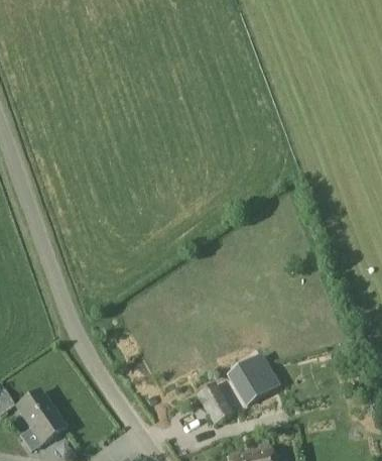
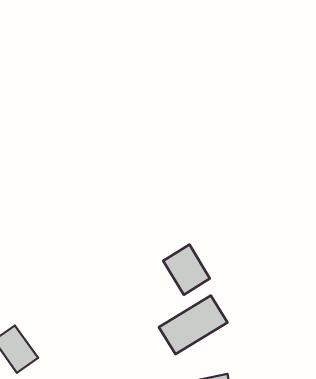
building: none -> [163,244,210,295]

